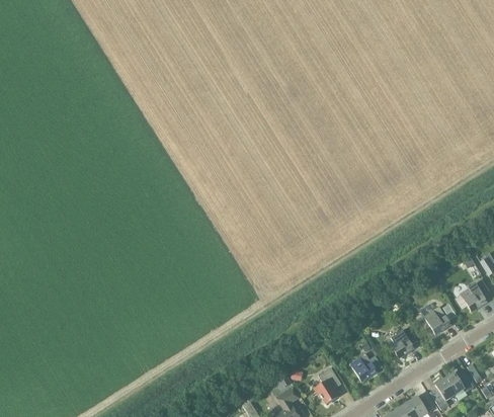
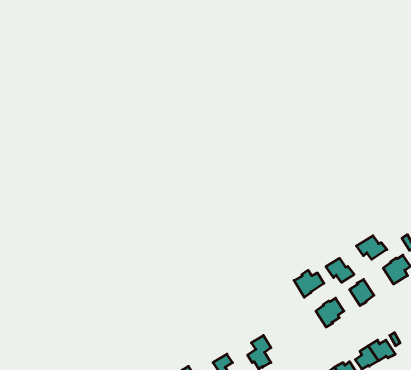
building: none -> [356,236,387,259]
building: none -> [326,258,354,282]
building: [350,352,383,382] -> [294,270,324,297]

